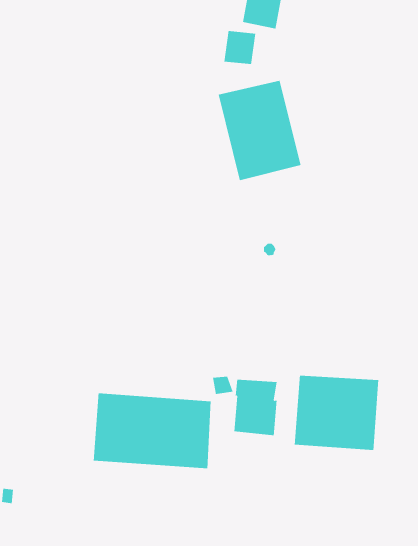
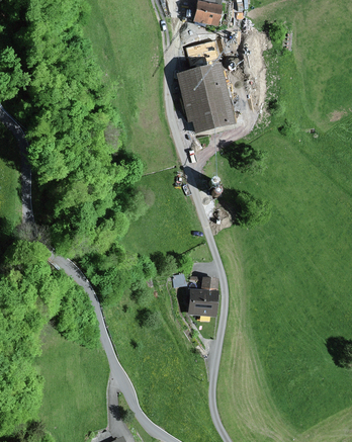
building: [294,375,379,451] -> none
building: [93,393,211,469] -> none

